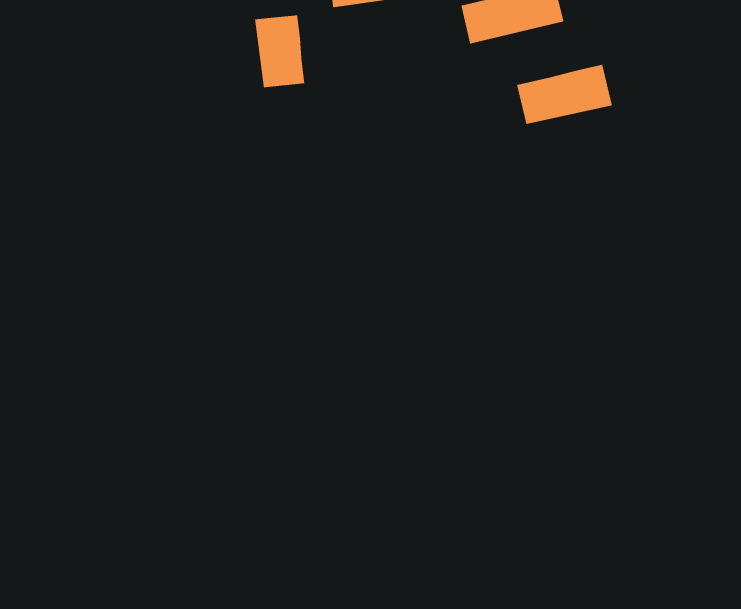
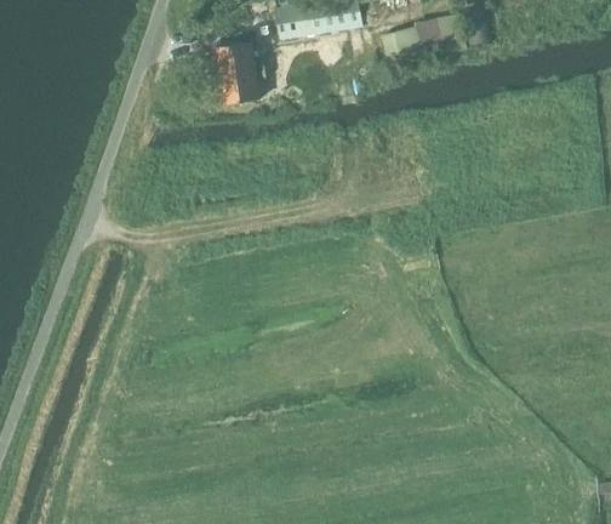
building: [516,64,613,125] -> none

